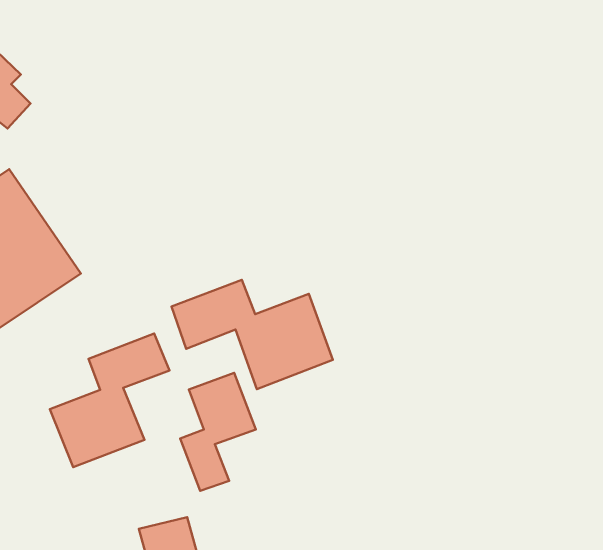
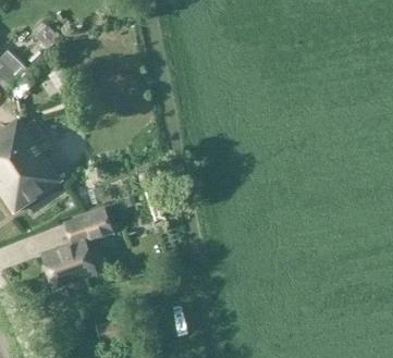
building: [171,280,333,389] -> none
building: [180,373,256,491] -> none

